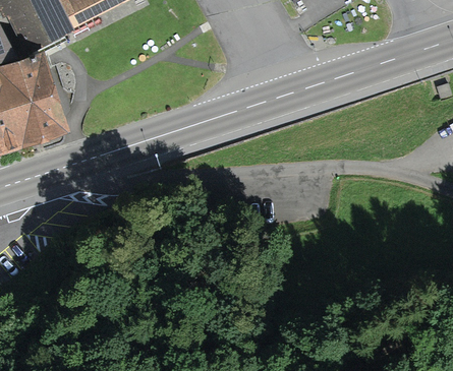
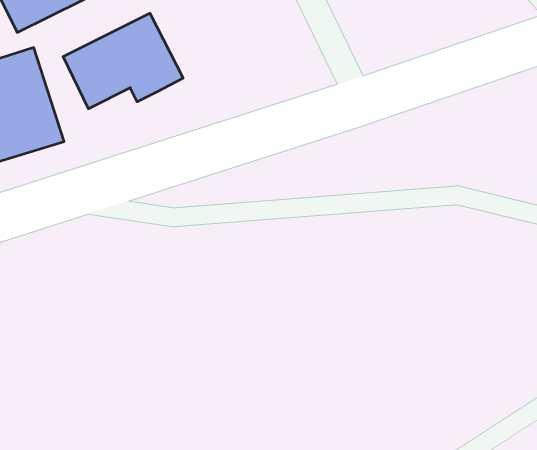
building: none -> [63,13,183,109]

